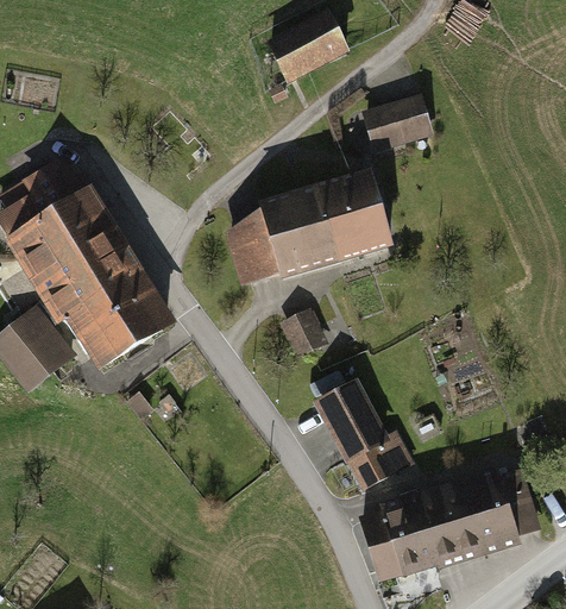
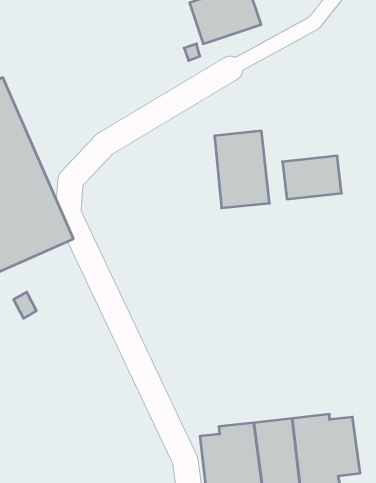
building: [360,93,432,150] -> [282,156,342,199]
building: [220,181,338,283] -> none
building: [278,307,326,357] -> none
building: [309,375,413,491] -> none

